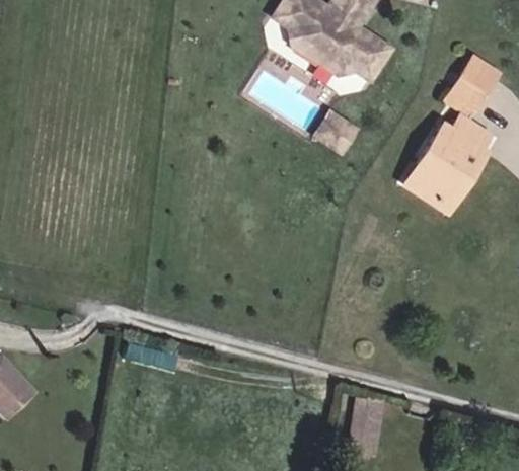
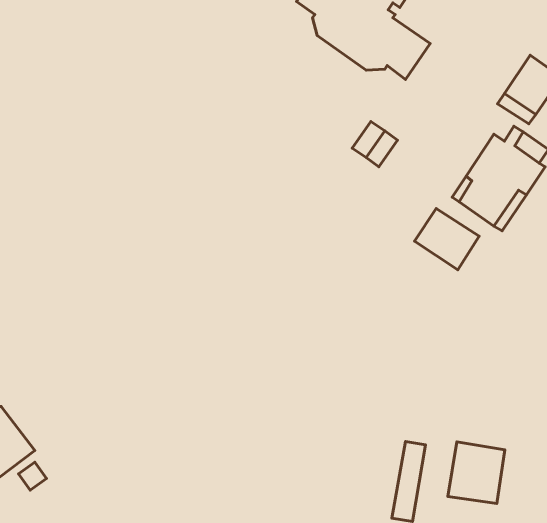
building: none -> [414,208,479,270]
building: none -> [448,442,505,503]

